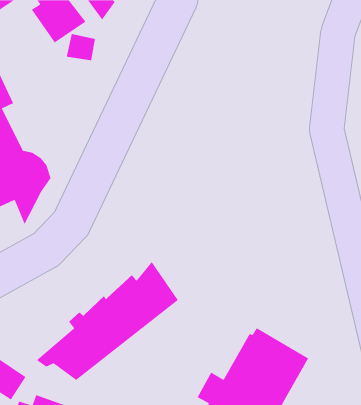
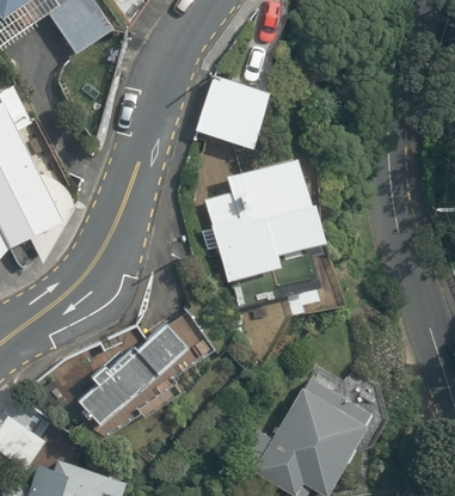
building: none -> [198,81,263,146]
building: none -> [210,177,319,311]

